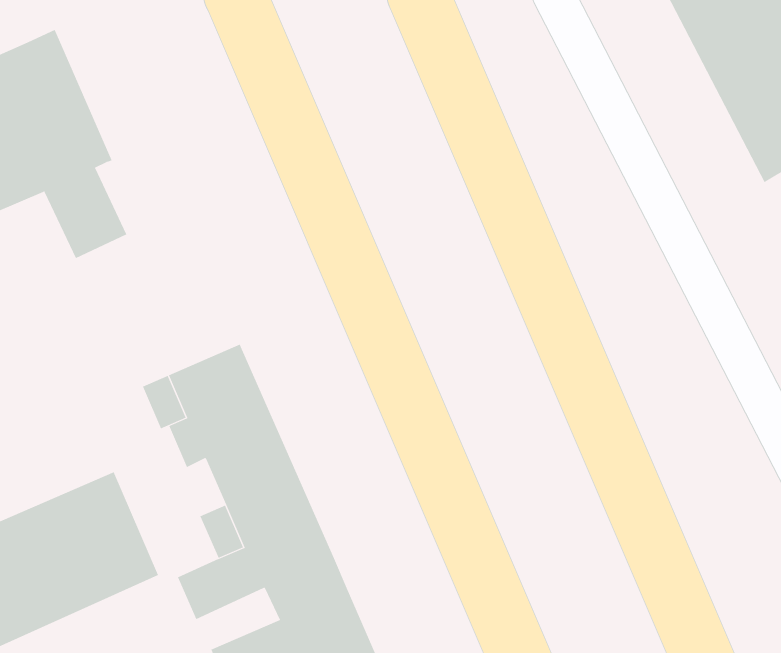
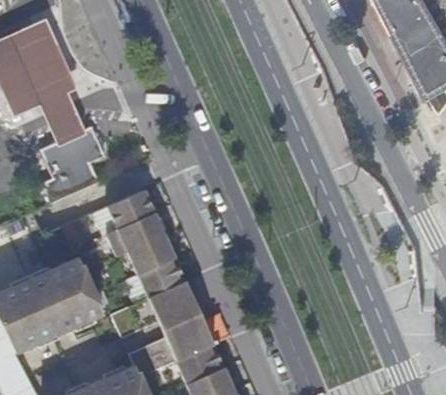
building: none -> [40,127,105,204]

